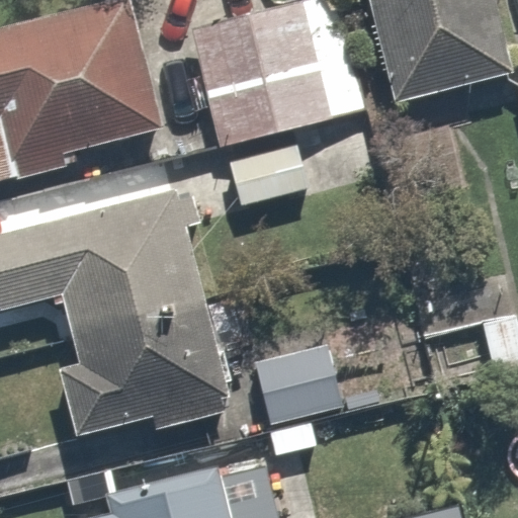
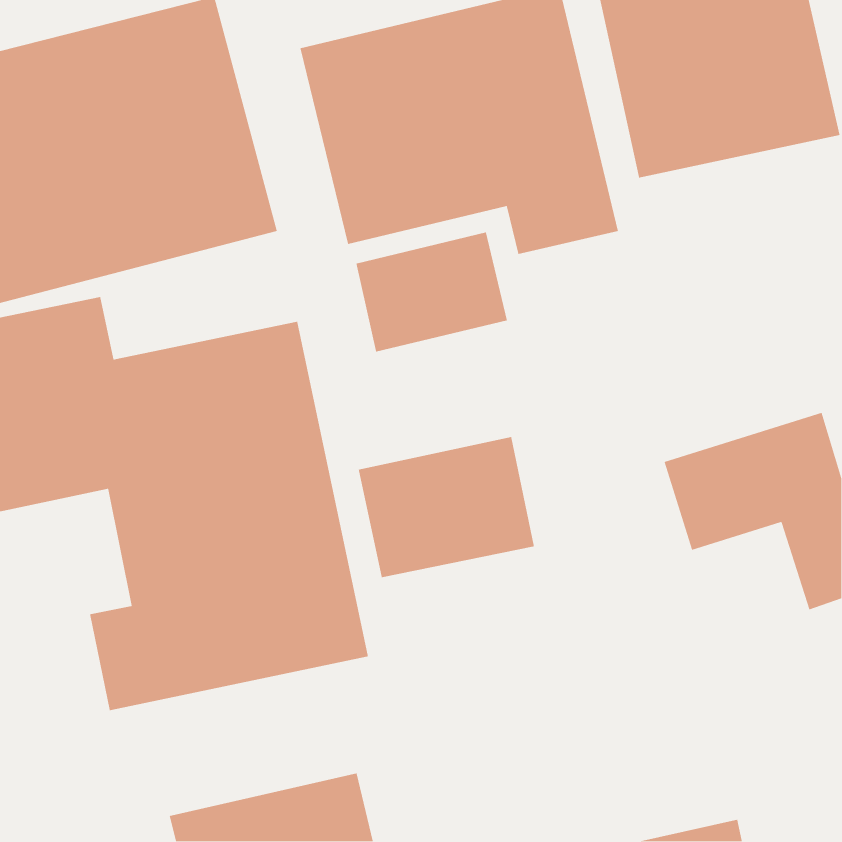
building: [251,337,359,424] -> [358,436,535,578]

